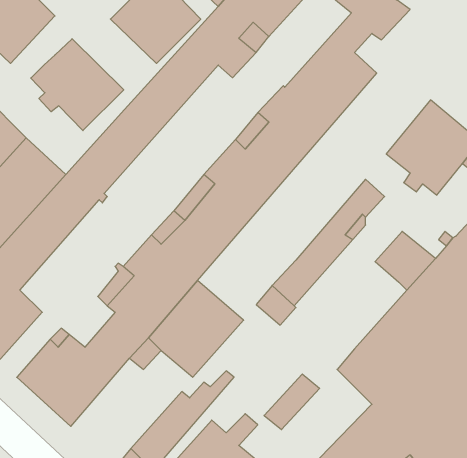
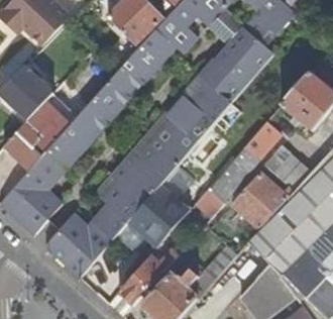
building: [31,39,124,131] -> none
building: none -> [232,173,294,227]

